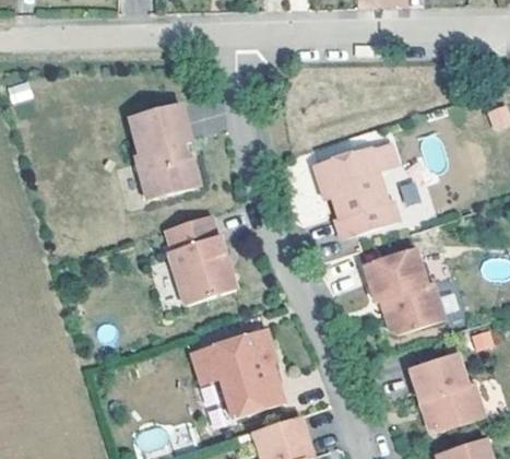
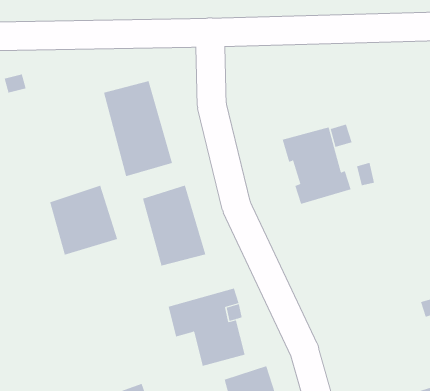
building: none -> [49,185,118,255]
building: [366,249,443,333] -> none
building: [411,352,474,424] -> none

